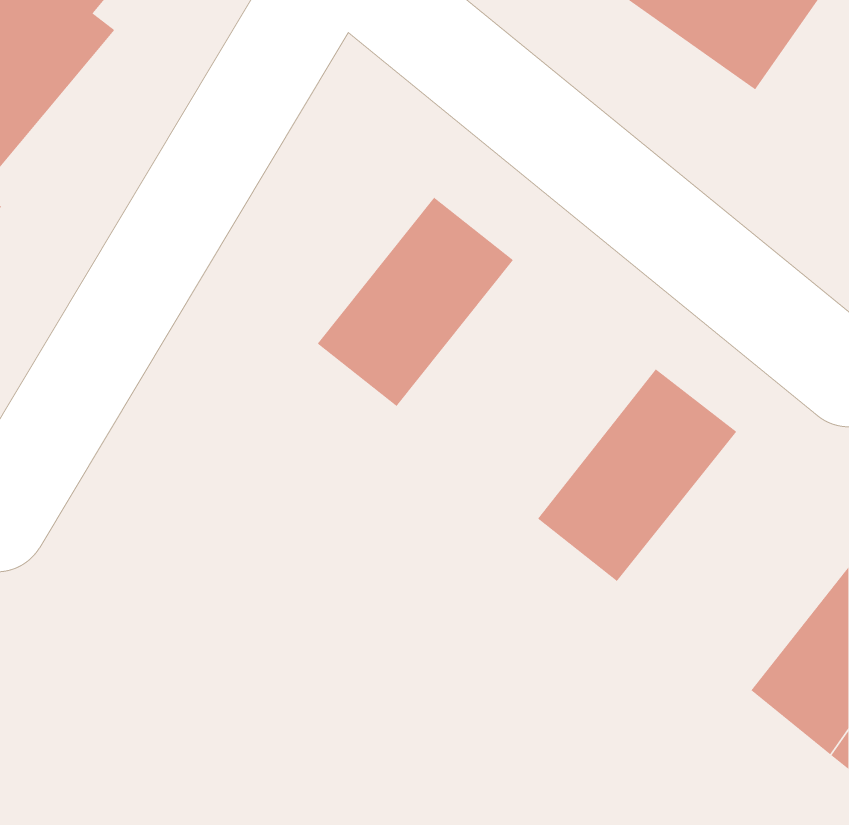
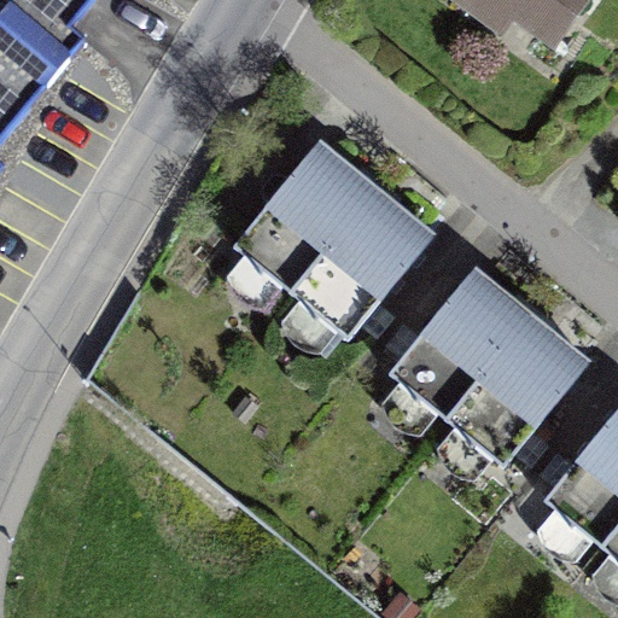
building: none -> [287,188,435,344]
building: none -> [447,313,595,470]

